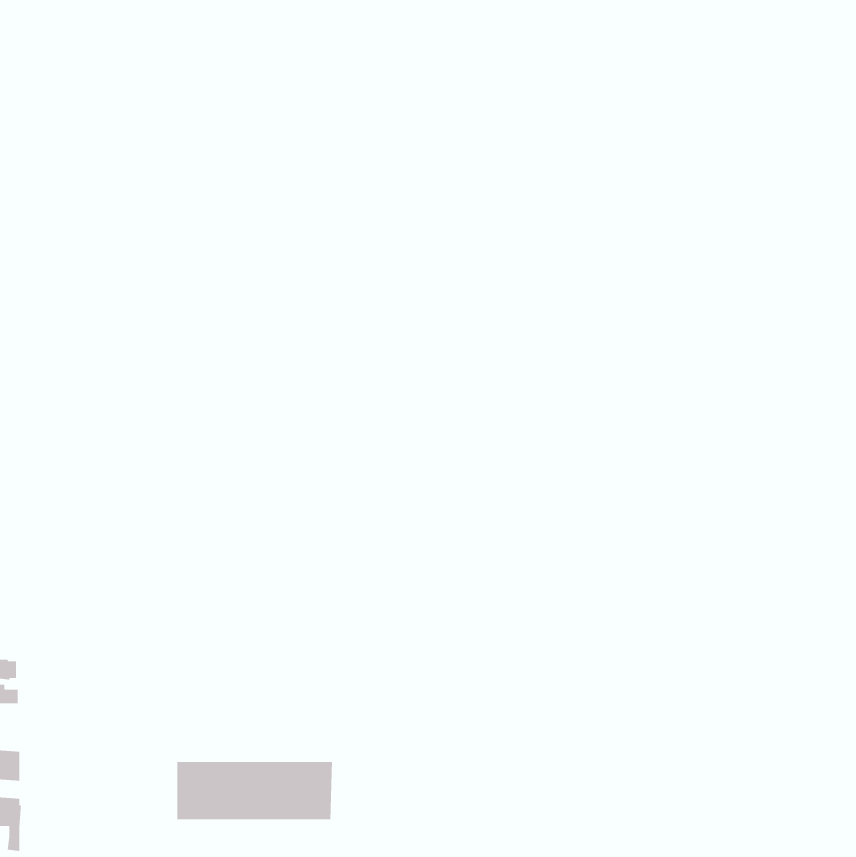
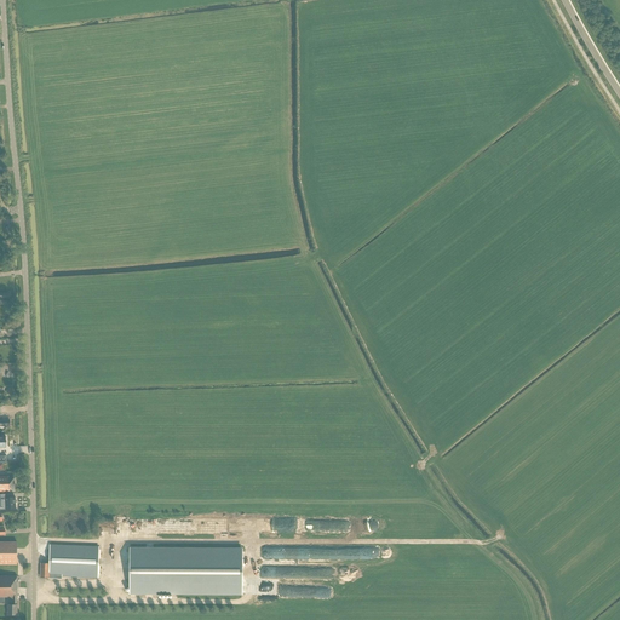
building: none -> [38,544,97,578]

